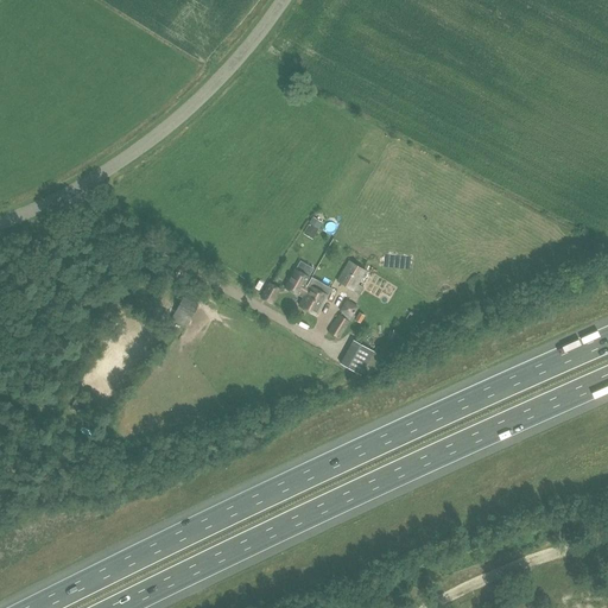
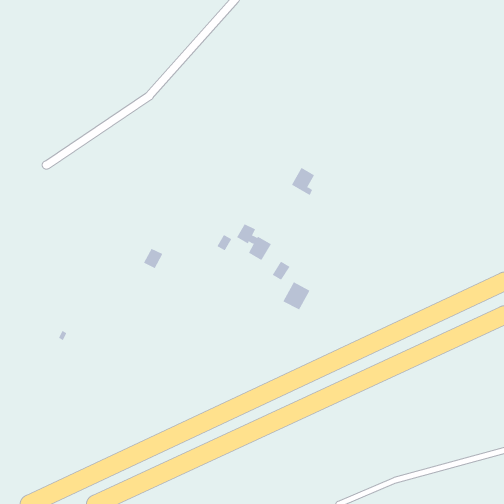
building: [336,259,365,293] -> [291,167,315,196]

